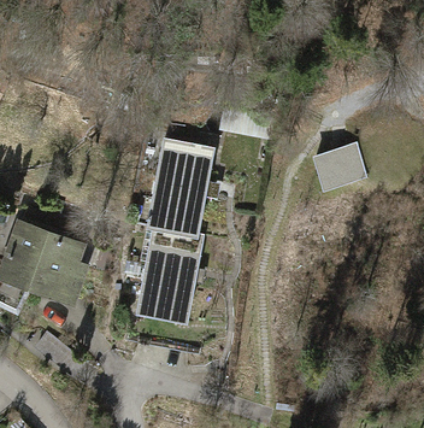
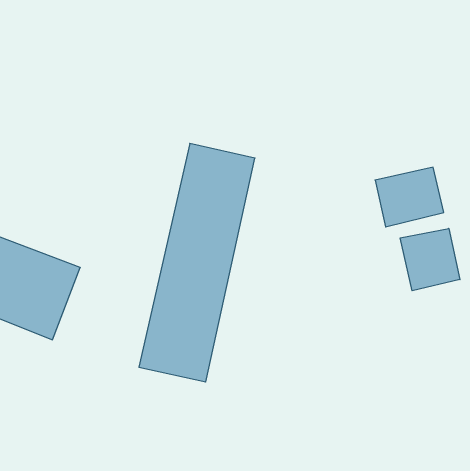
building: none -> [400,228,460,291]

